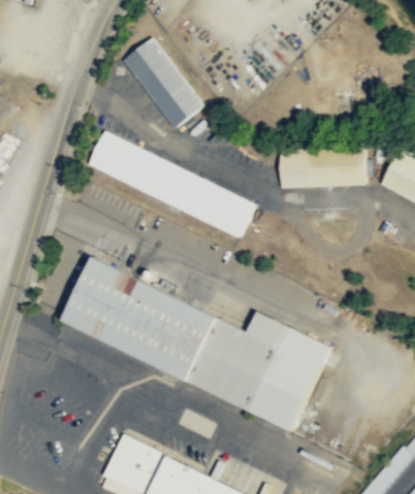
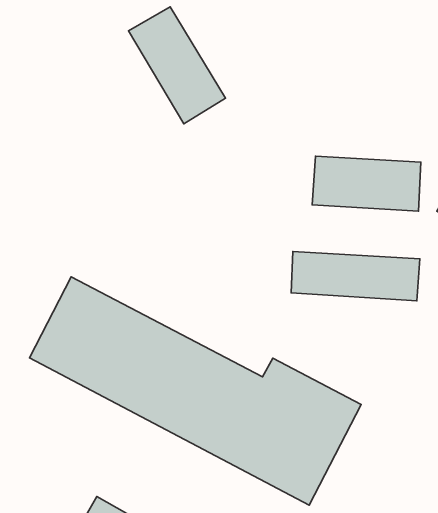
building: [87,136,257,235] -> none
building: none -> [291,251,420,301]

